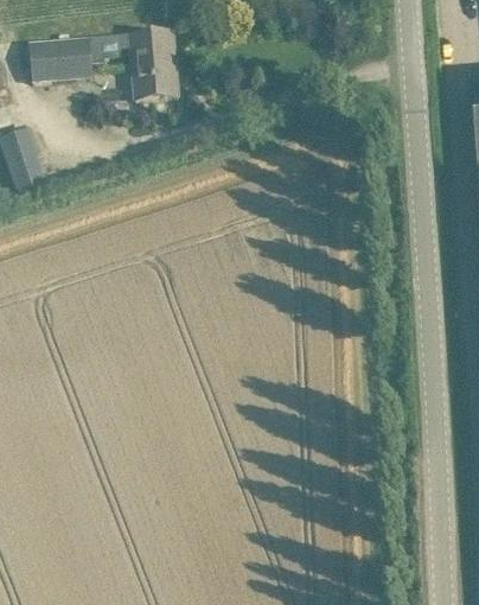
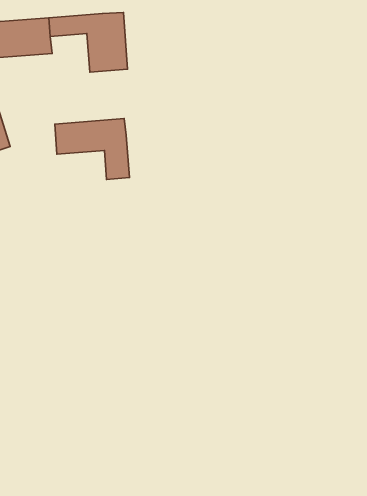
building: none -> [55,119,129,180]

